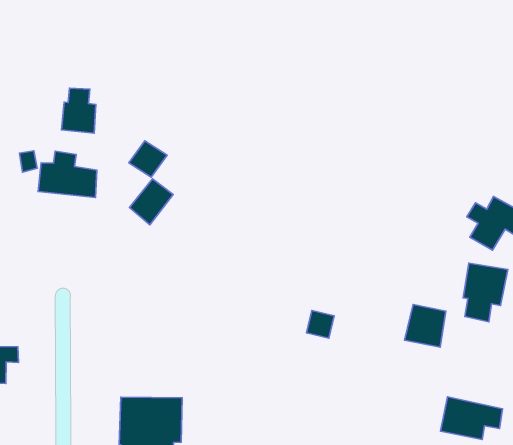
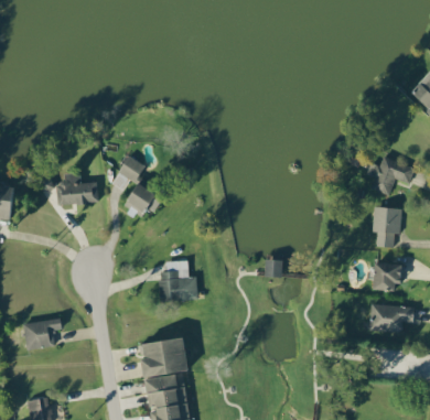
building: [61,88,96,133] -> none
building: none -> [159,260,197,301]
building: [404,304,446,347] -> [373,261,399,289]

